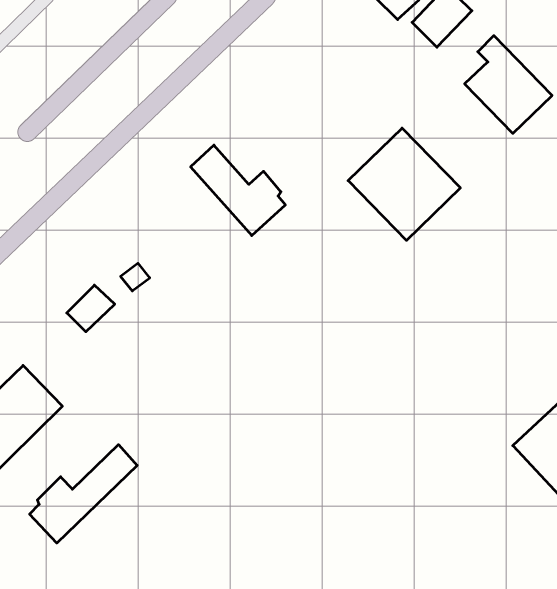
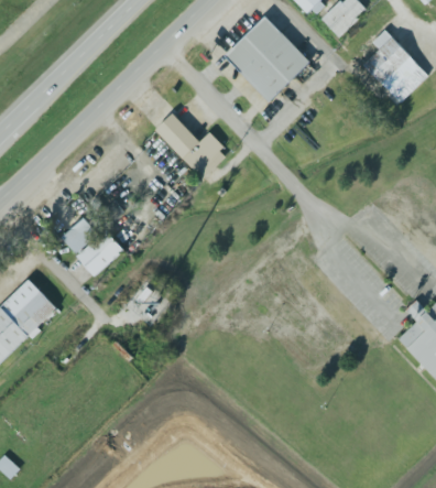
building: [348,128,460,240] -> [225,17,309,101]
building: none -> [76,230,124,276]
building: [30,445,137,543] -> none

